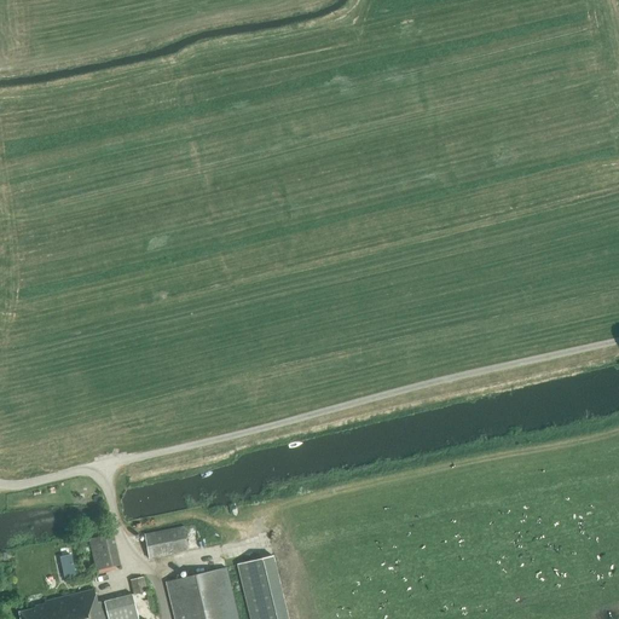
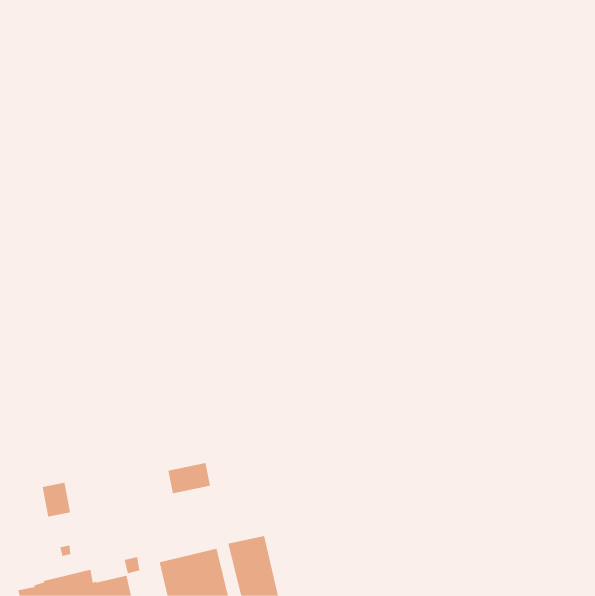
building: [143,526,187,559] -> [168,462,211,494]
building: [89,534,120,571] -> [42,482,71,517]

